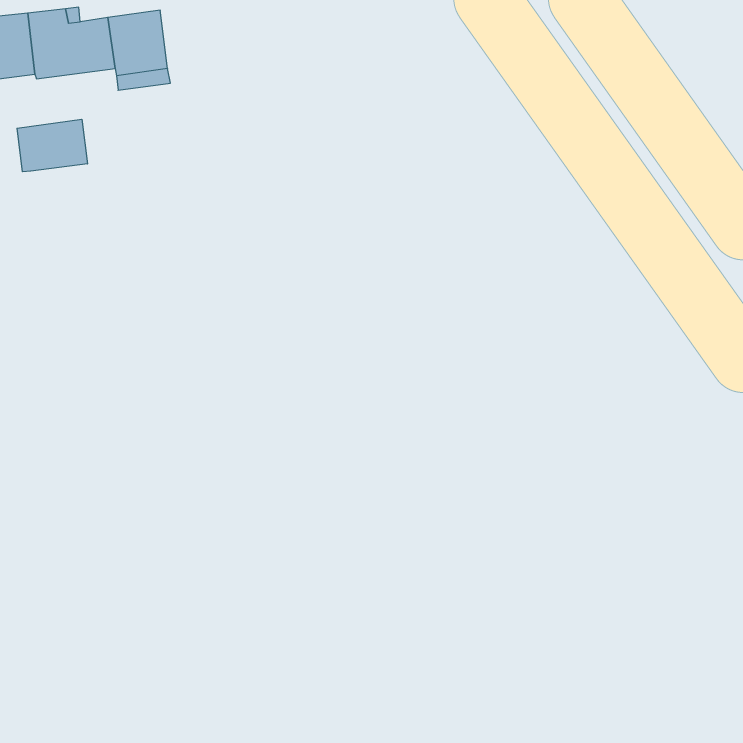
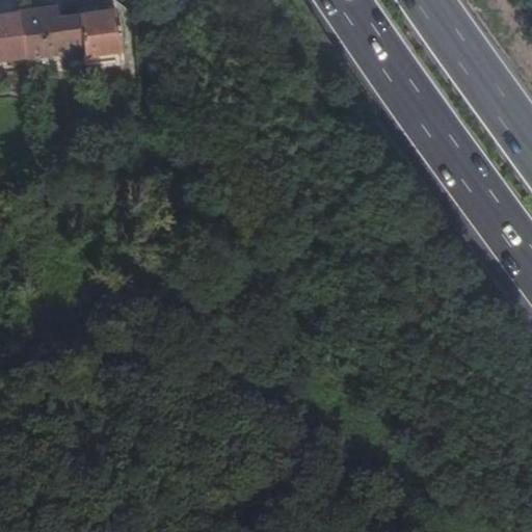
building: [17,119,87,172] -> none

